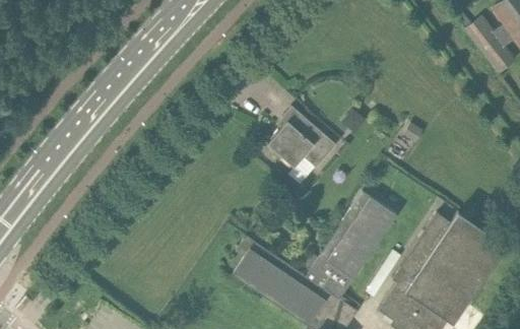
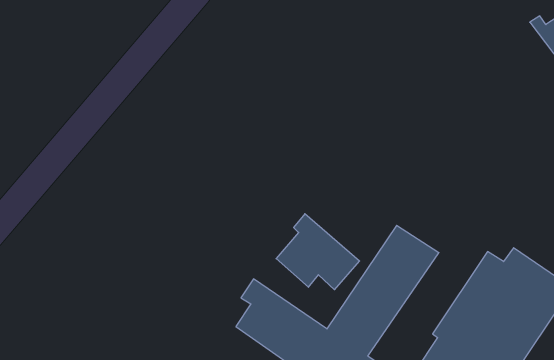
building: [268,107,336,169] -> [276,214,360,290]

